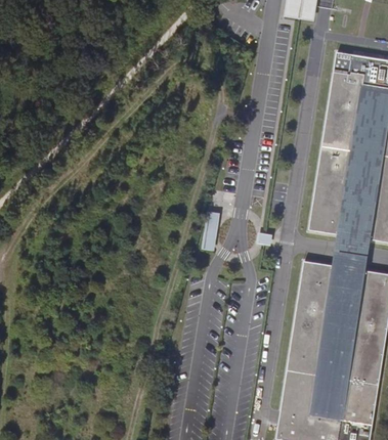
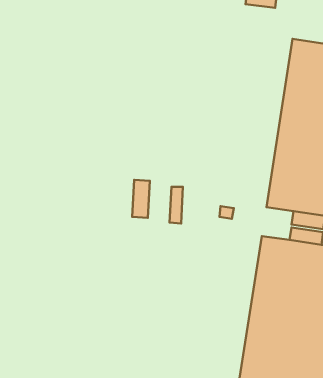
building: none -> [132,180,150,218]

